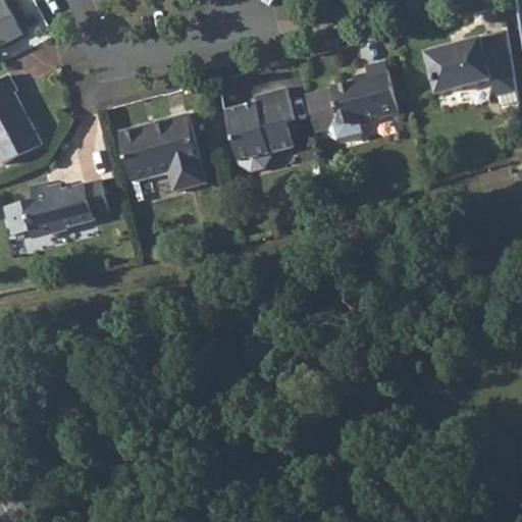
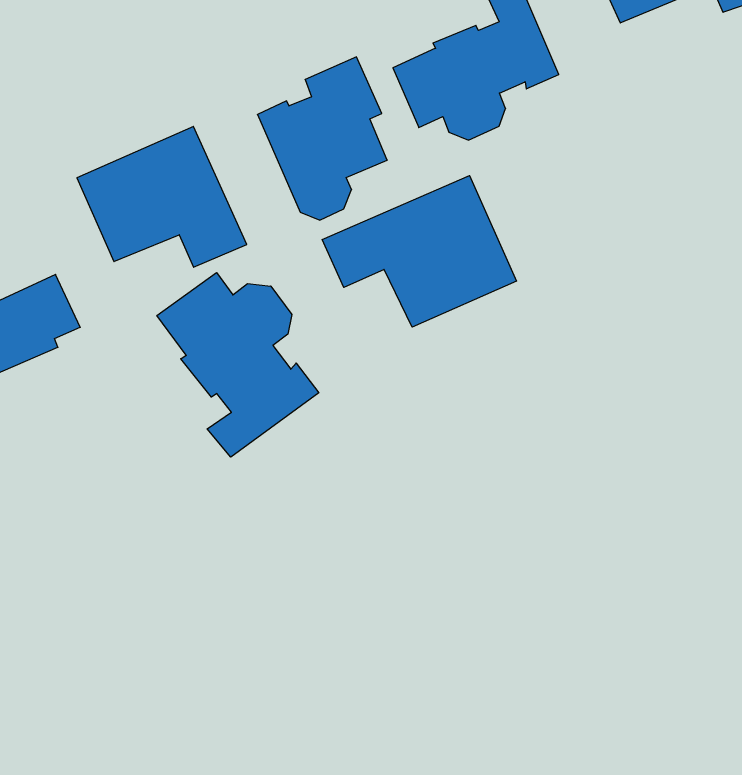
building: none -> [322,176,516,327]
building: none -> [157,273,319,457]

